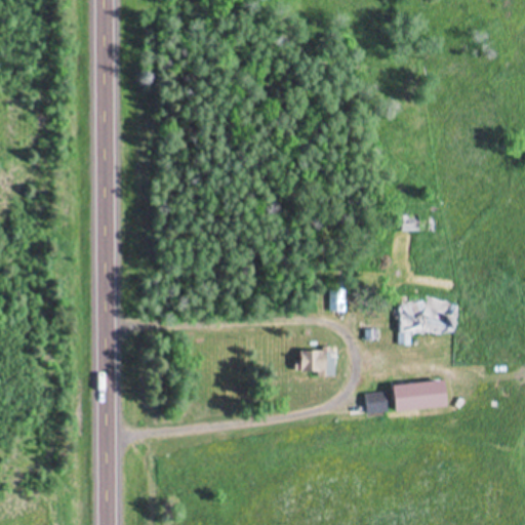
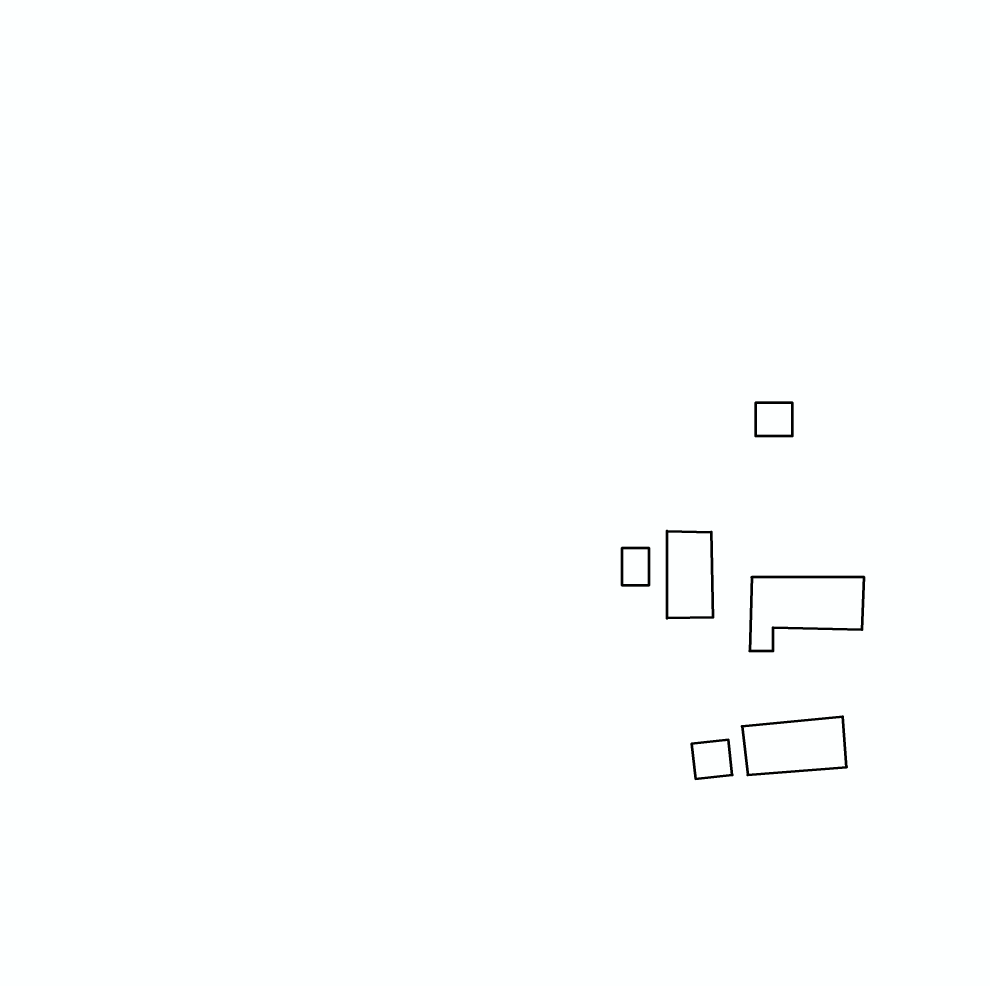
building: none -> [667,531,713,618]
building: [296,350,332,373] -> none

